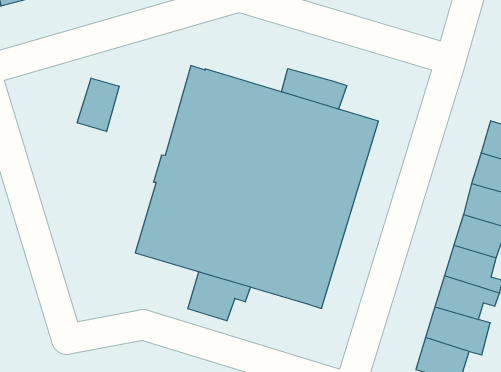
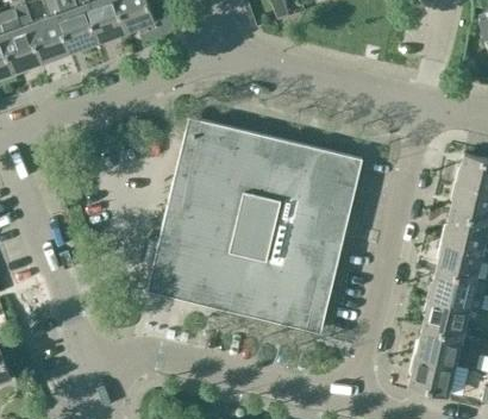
building: [281,69,347,109] -> none
building: [77,78,119,132] -> none
building: [188,272,250,321] -> none

